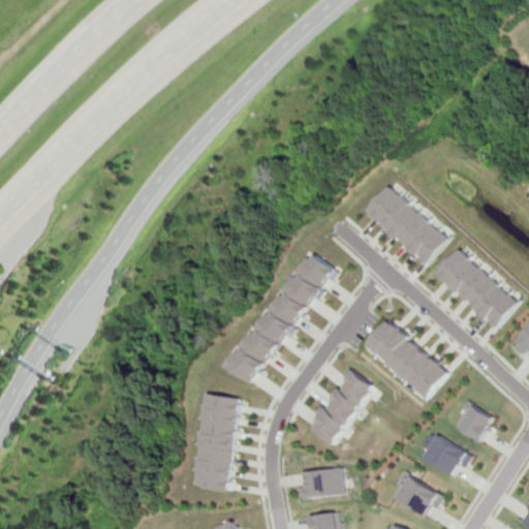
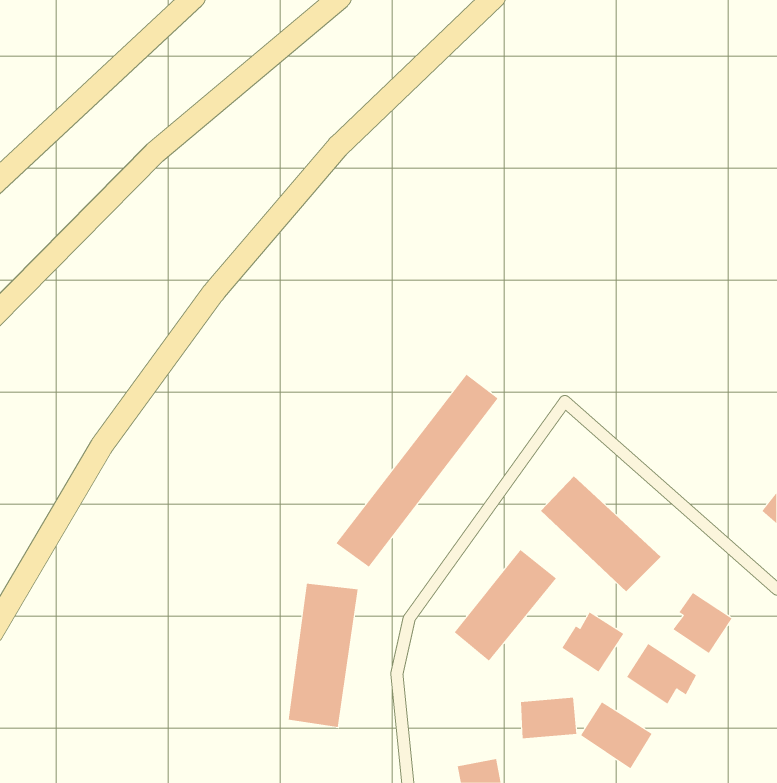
building: [363,186,448,263] -> none
building: [434,248,517,328] -> none
building: none -> [562,611,624,673]
building: [302,468,340,496] -> [520,697,577,739]

